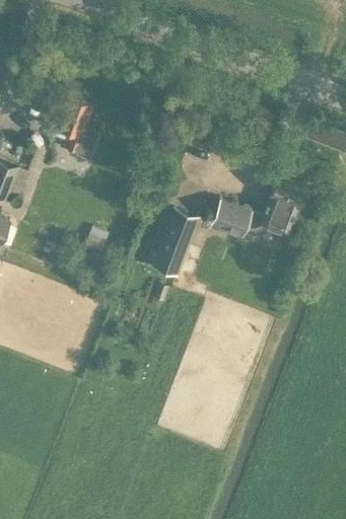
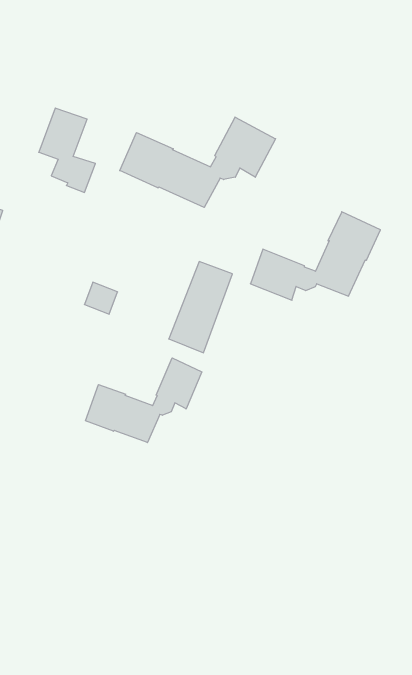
building: none -> [120,117,276,207]
building: none -> [85,358,202,443]

